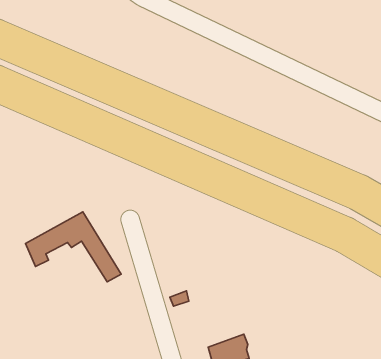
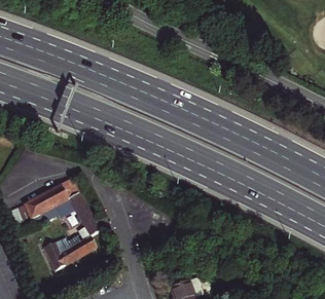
building: none -> [47,233,97,270]

